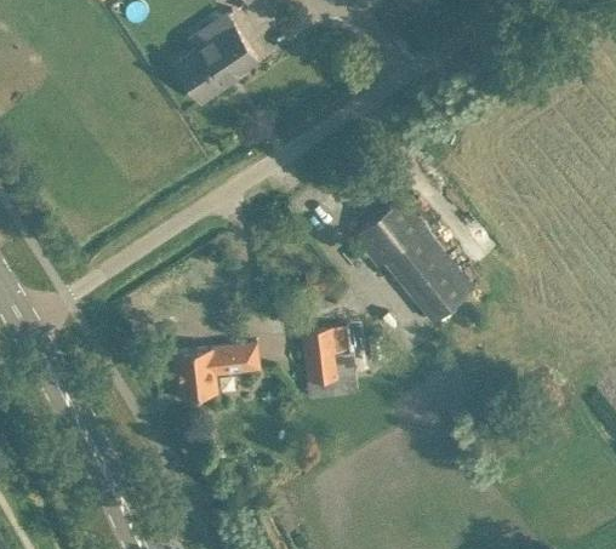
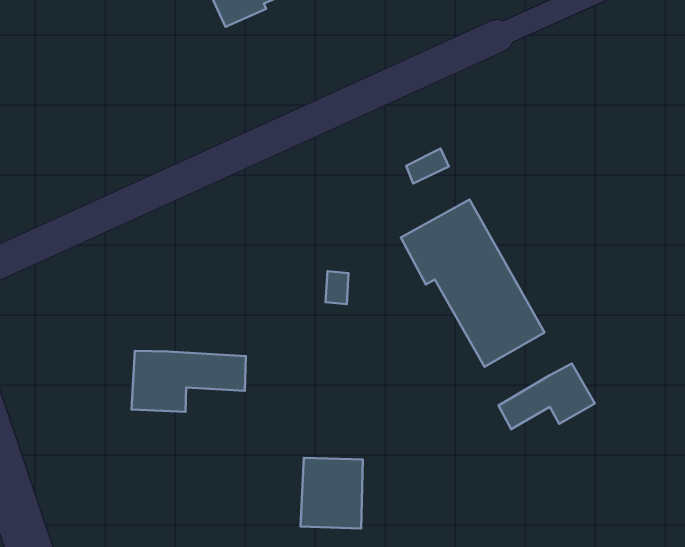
building: none -> [498,364,595,429]
building: [302,326,353,383] -> [301,458,363,528]

